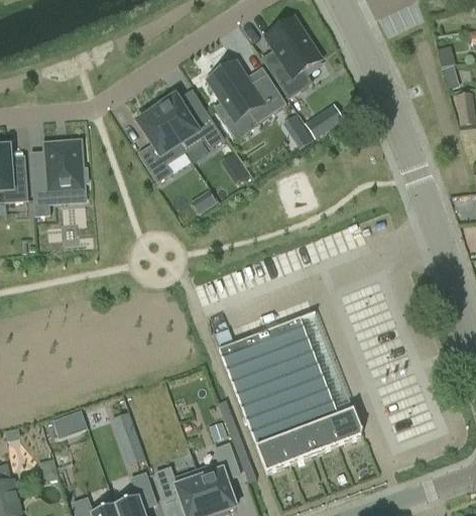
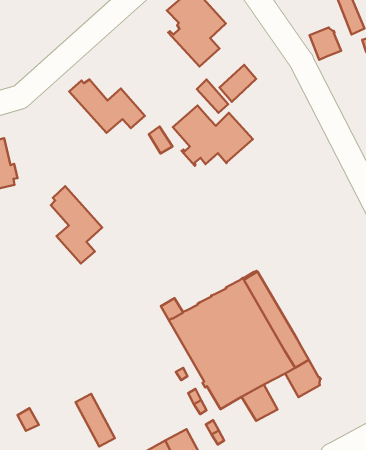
building: [208,61,286,124] -> [173,105,253,166]
building: none -> [309,28,341,60]
building: [136,103,185,183] -> [51,186,102,264]
building: [305,420,338,456] -> none
building: [256,437,291,474] -> none

